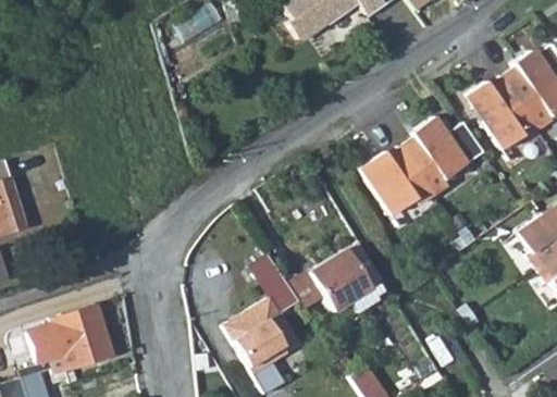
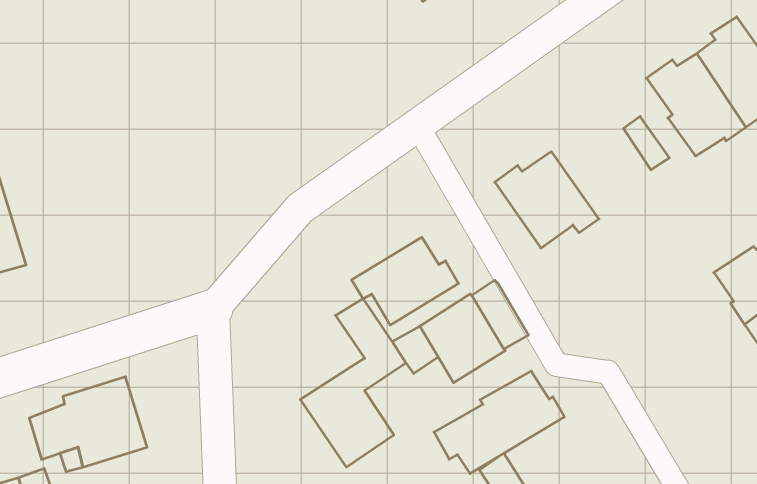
building: [400,115,468,194] -> none
building: none -> [352,237,459,325]
building: none -> [434,371,564,474]

